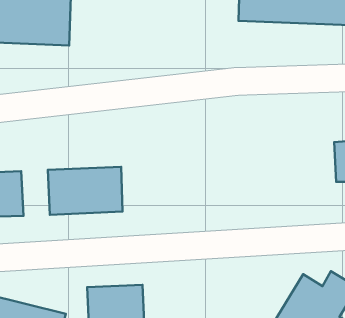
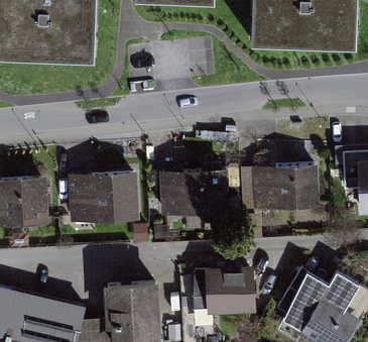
building: none -> [253,167,324,212]
building: none -> [160,172,231,216]
building: none -> [194,269,258,312]

